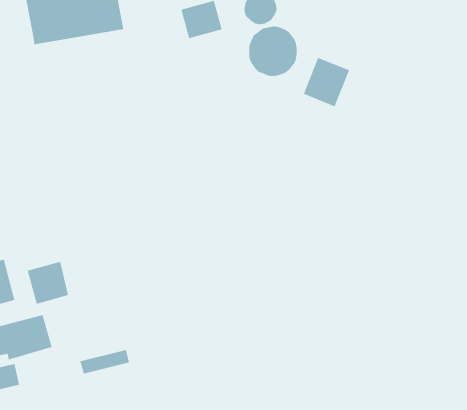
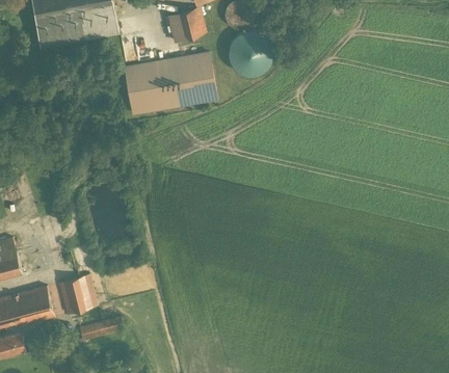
building: none -> [125,53,217,114]
building: [303,57,350,107] -> none
building: [27,261,69,305] -> [59,275,97,314]

